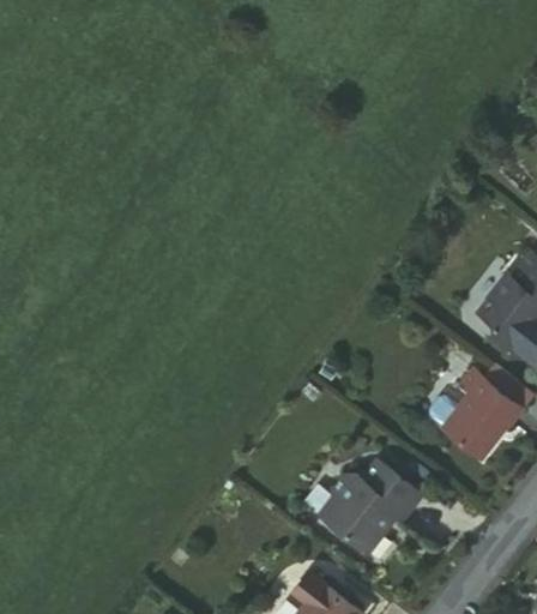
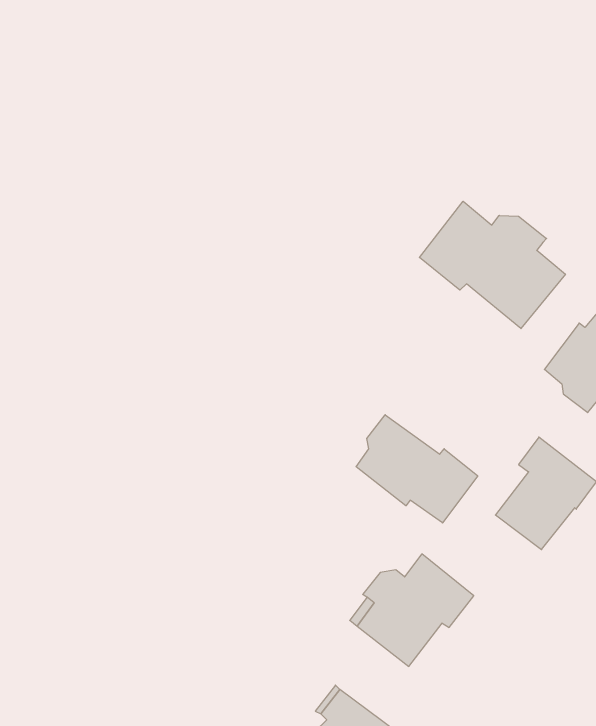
building: none -> [419,201,565,329]
building: none -> [356,415,478,523]

